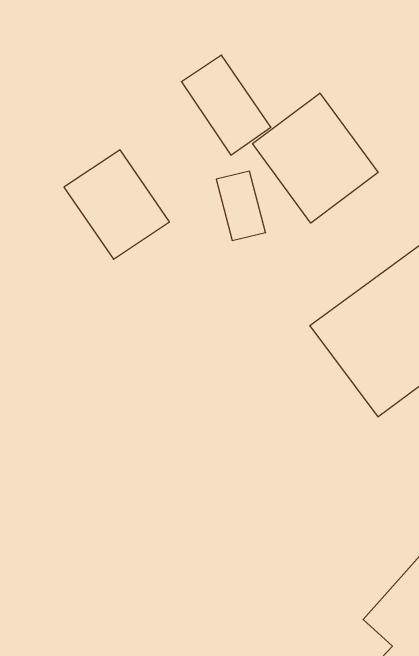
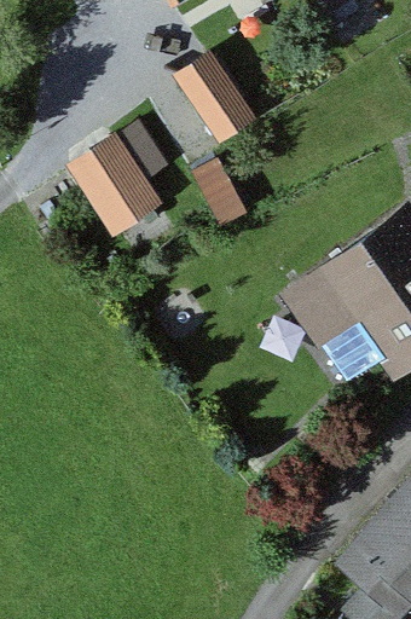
building: [253,93,378,223] -> none

